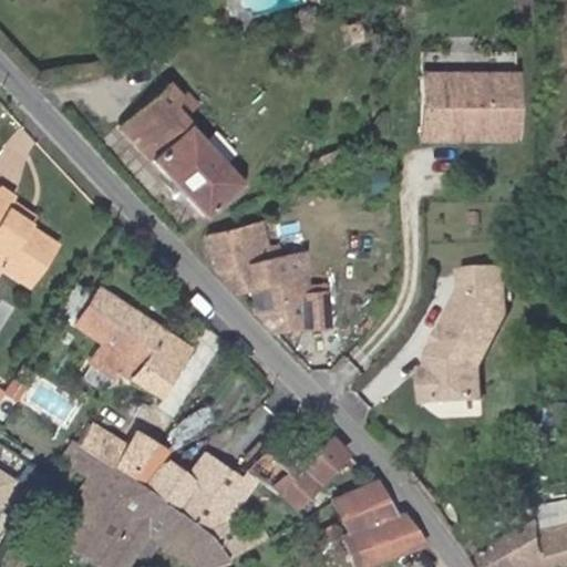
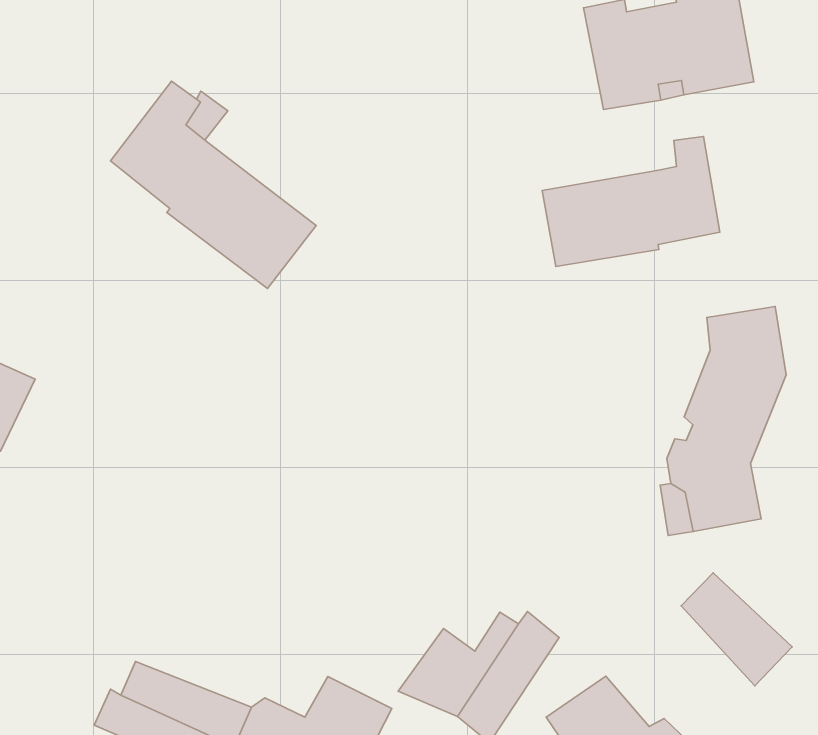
building: none -> [542,136,720,266]
building: [212,221,331,332] -> none
building: [78,290,189,392] -> none
building: none -> [681,573,792,686]

